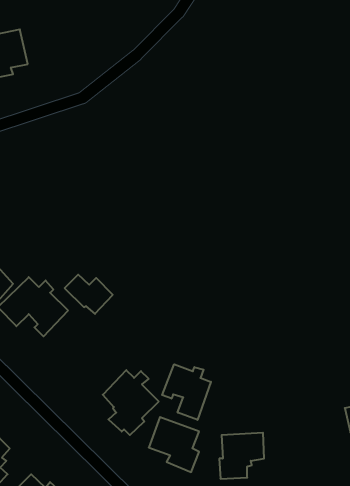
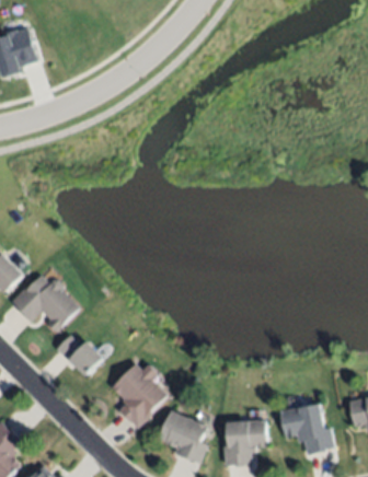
building: [65,275,113,314] -> [56,335,103,373]
building: [162,364,211,420] -> none
building: none -> [281,407,337,458]

